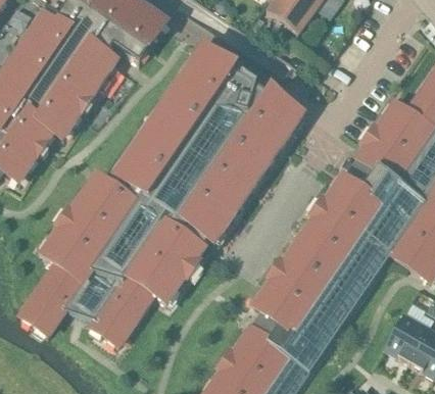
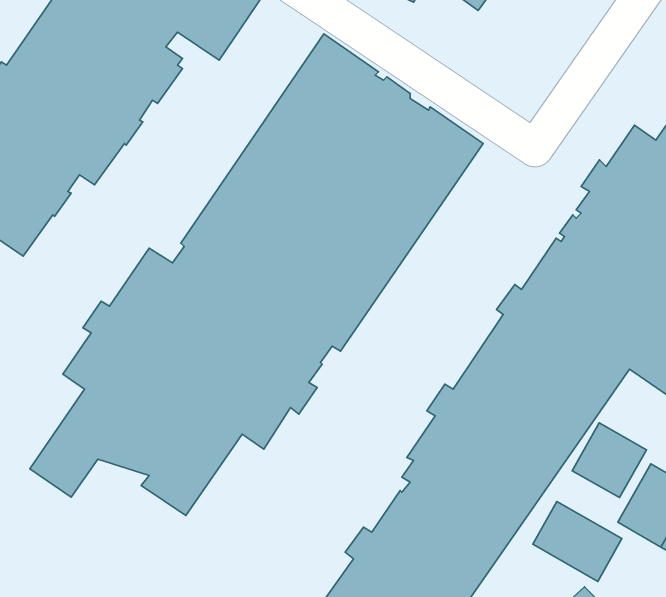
building: none -> [572,423,647,497]
building: none -> [533,501,622,581]

